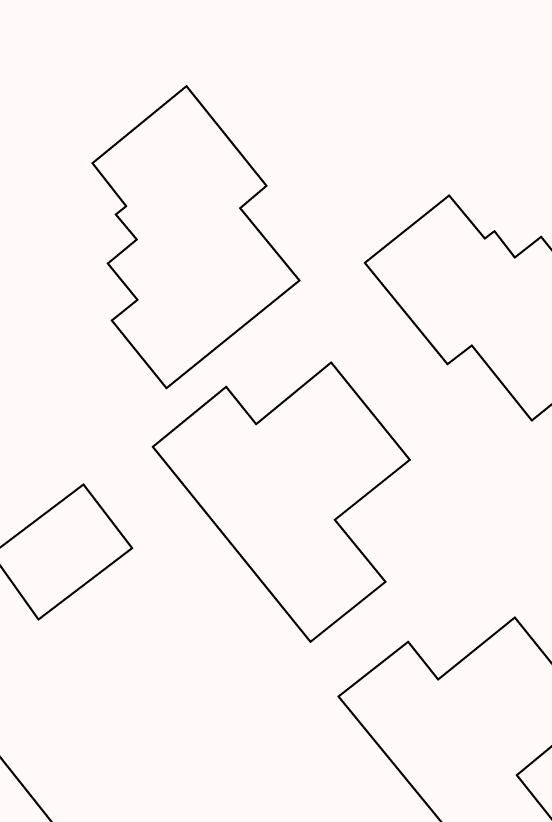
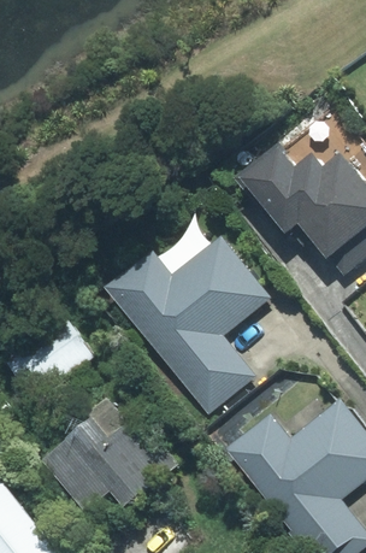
building: [92,86,300,388] -> none
building: none -> [42,400,176,513]

